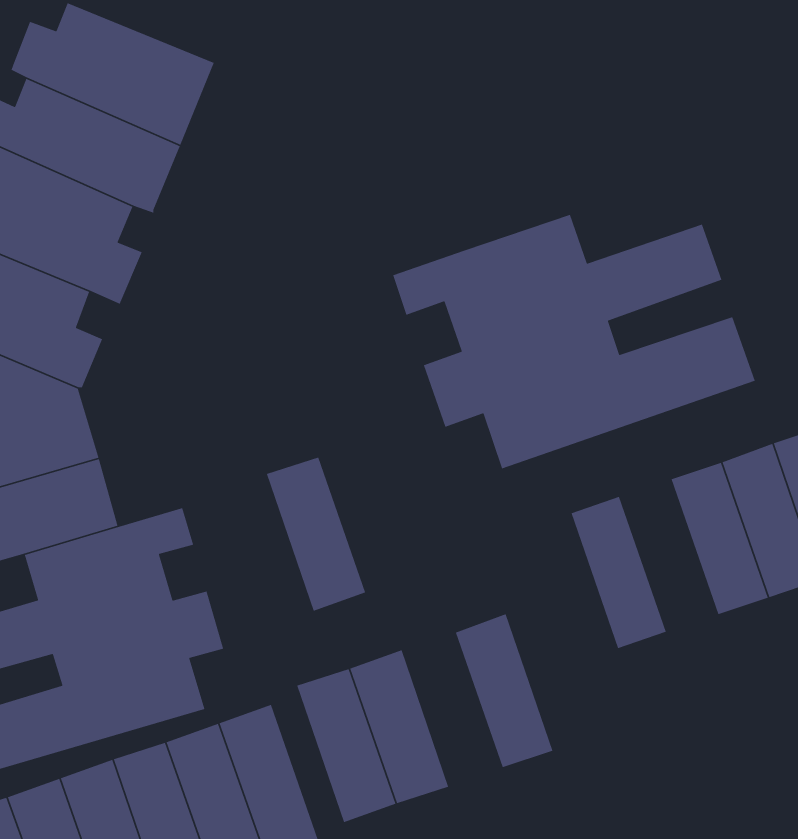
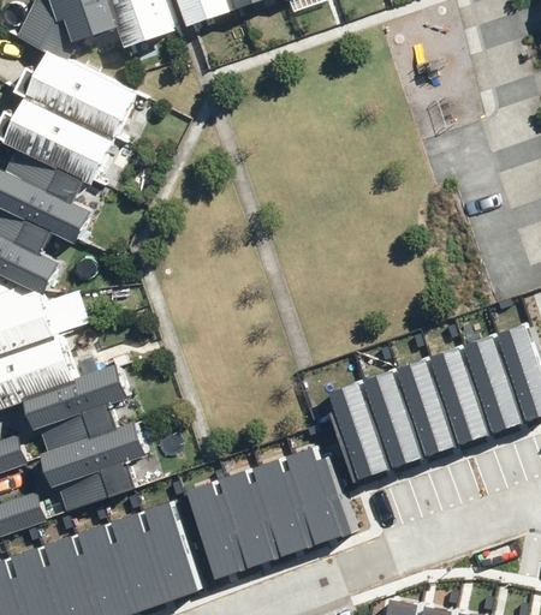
building: [392,214,756,469] -> none
building: [266,457,366,612] -> [257,453,321,551]
building: none -> [396,356,458,453]
building: none -> [332,377,394,476]

